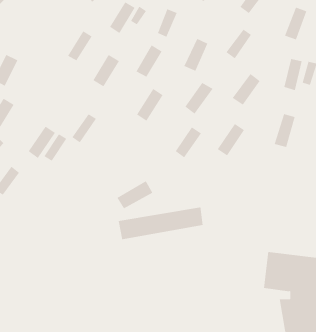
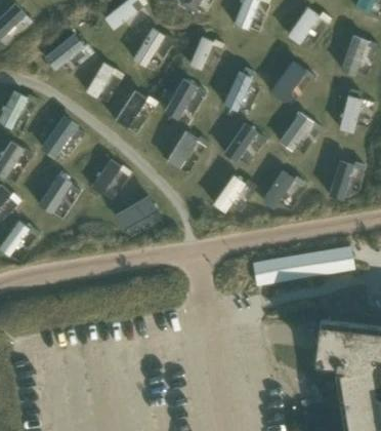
building: none -> [45,33,85,70]
building: none -> [42,115,79,157]
building: [116,180,153,209] -> [117,195,160,229]
building: [118,207,204,240] -> [253,250,353,289]

